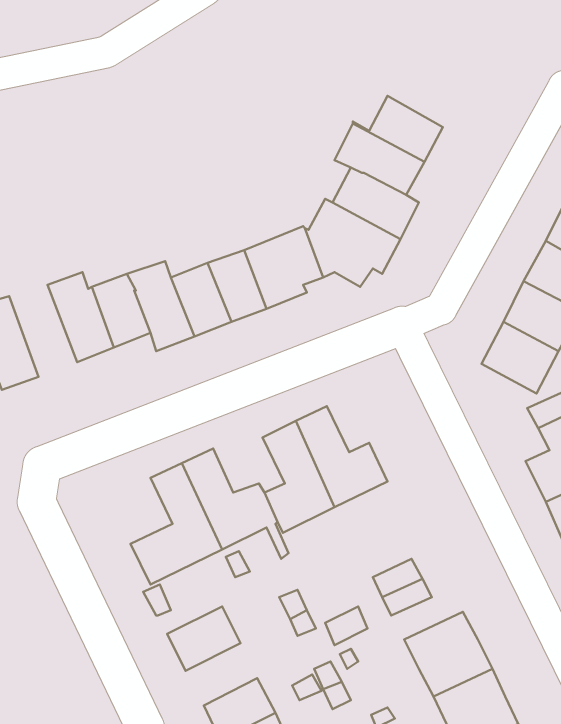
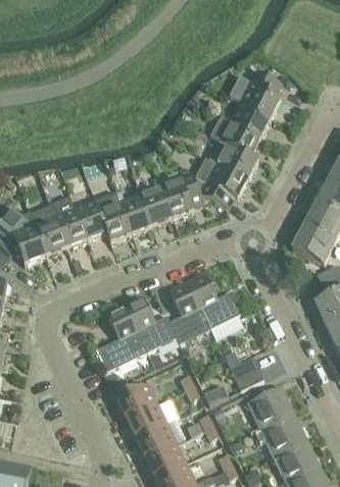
building: none -> [229,71,281,118]
building: none -> [29,206,66,257]
building: none -> [127,404,166,439]

